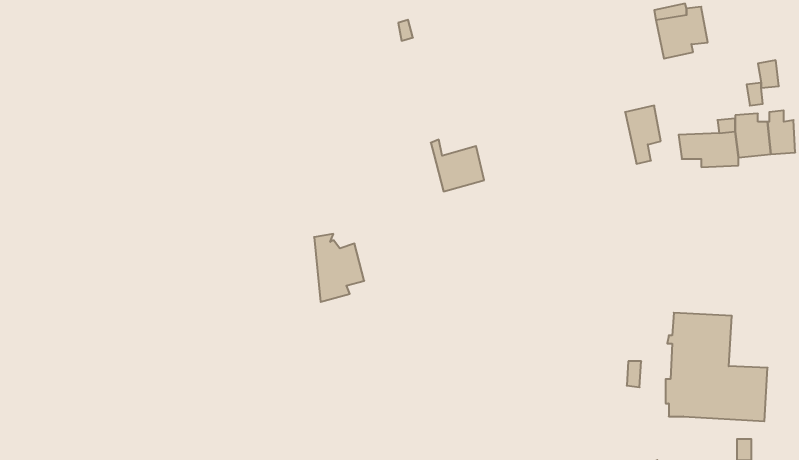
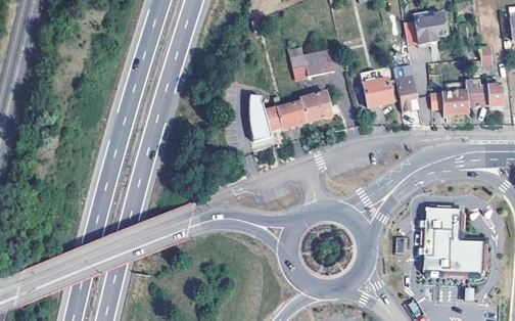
building: none -> [287,46,334,78]
building: none -> [360,67,391,106]
building: none -> [300,91,332,122]
building: [314,234,364,302] -> [249,99,281,142]

